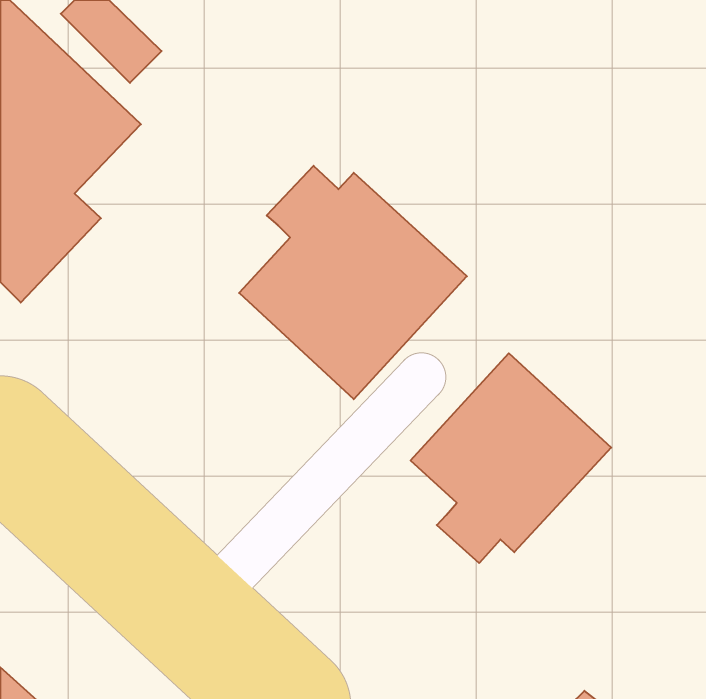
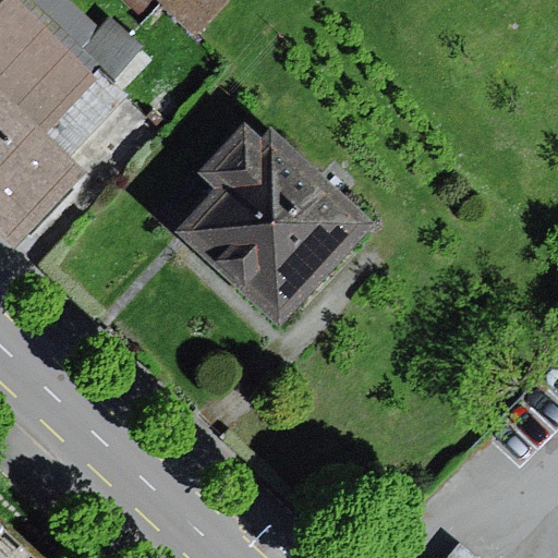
building: [411,353,611,563] -> none

